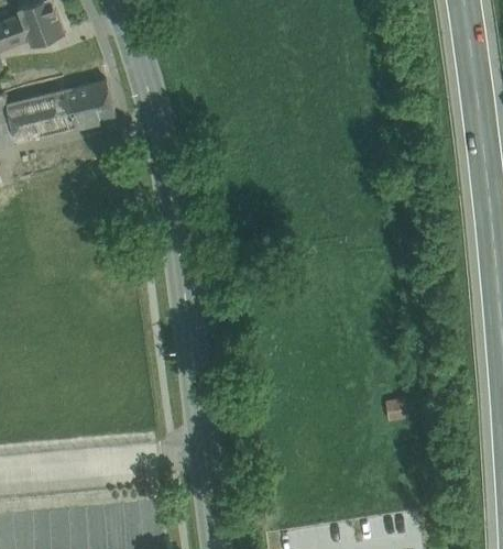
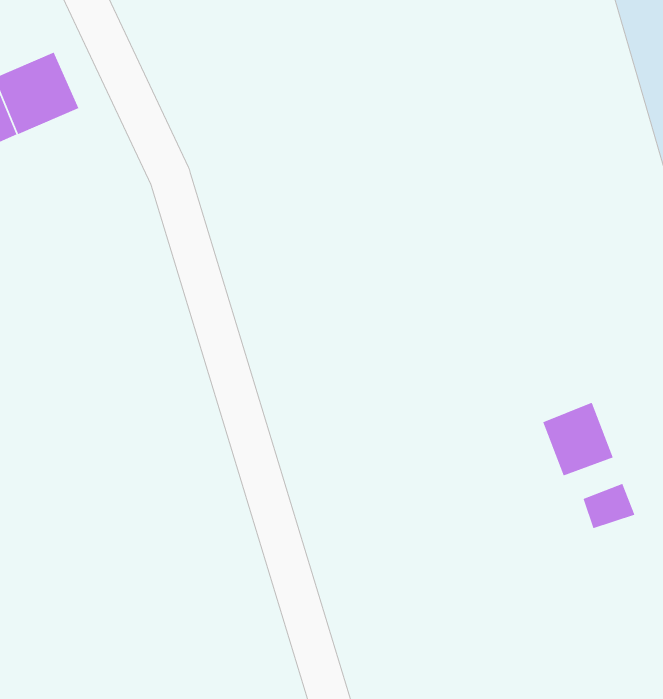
building: none -> [542,402,614,476]

